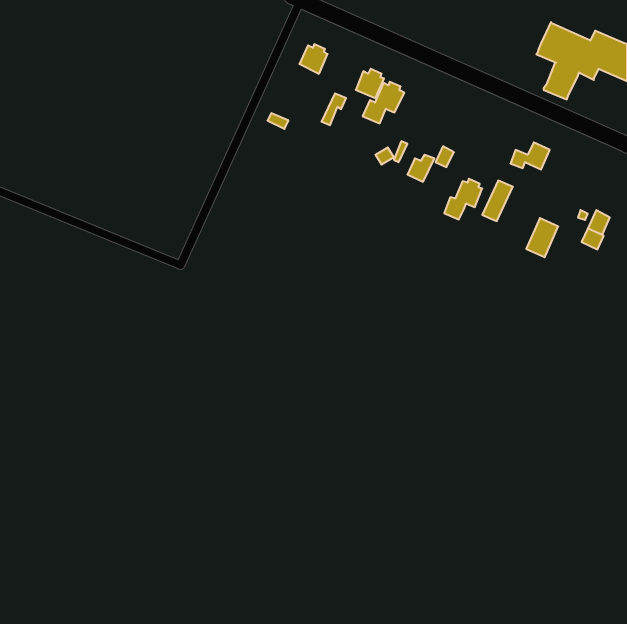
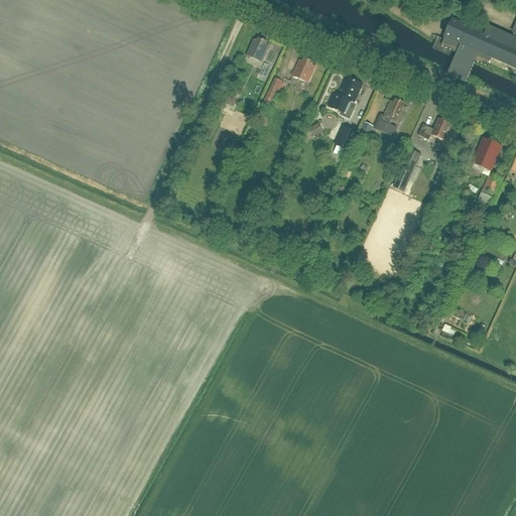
building: [363,82,404,123] -> [328,77,362,111]
building: [444,179,482,219] -> [375,98,406,131]
building: [526,218,558,257] -> [474,137,500,169]

